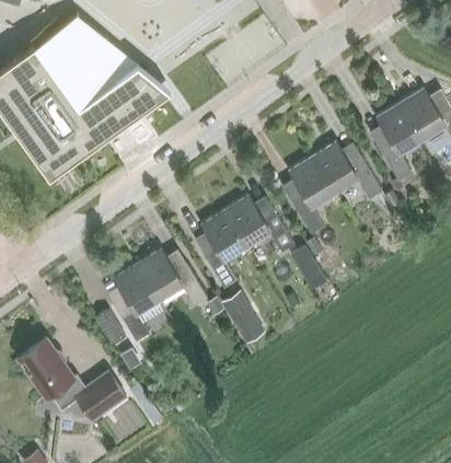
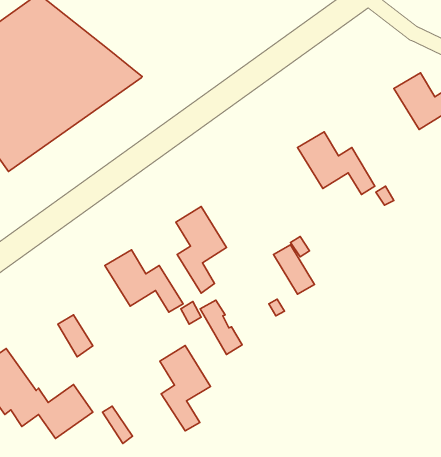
building: [377,103,423,182] -> none
building: [289,157,335,235] -> none
building: [224,196,296,253] -> none
building: [114,264,160,342] -> [160,346,211,431]

